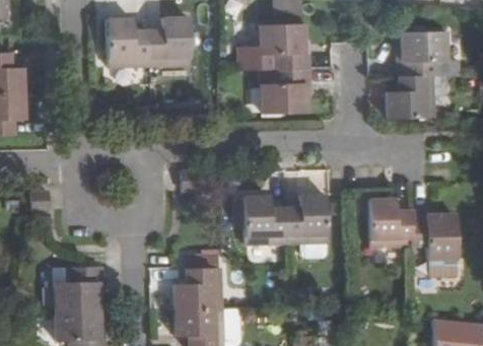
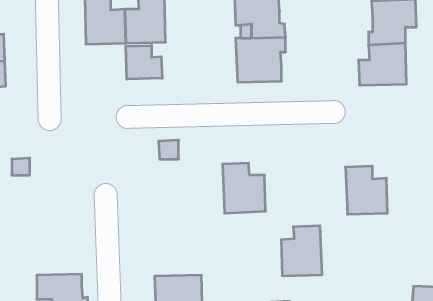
building: none -> [126,45,162,79]
building: [287,193,329,244] -> [281,226,322,276]
building: [411,210,454,261] -> none
building: [55,264,106,308] -> none
building: [176,267,223,309] -> none

